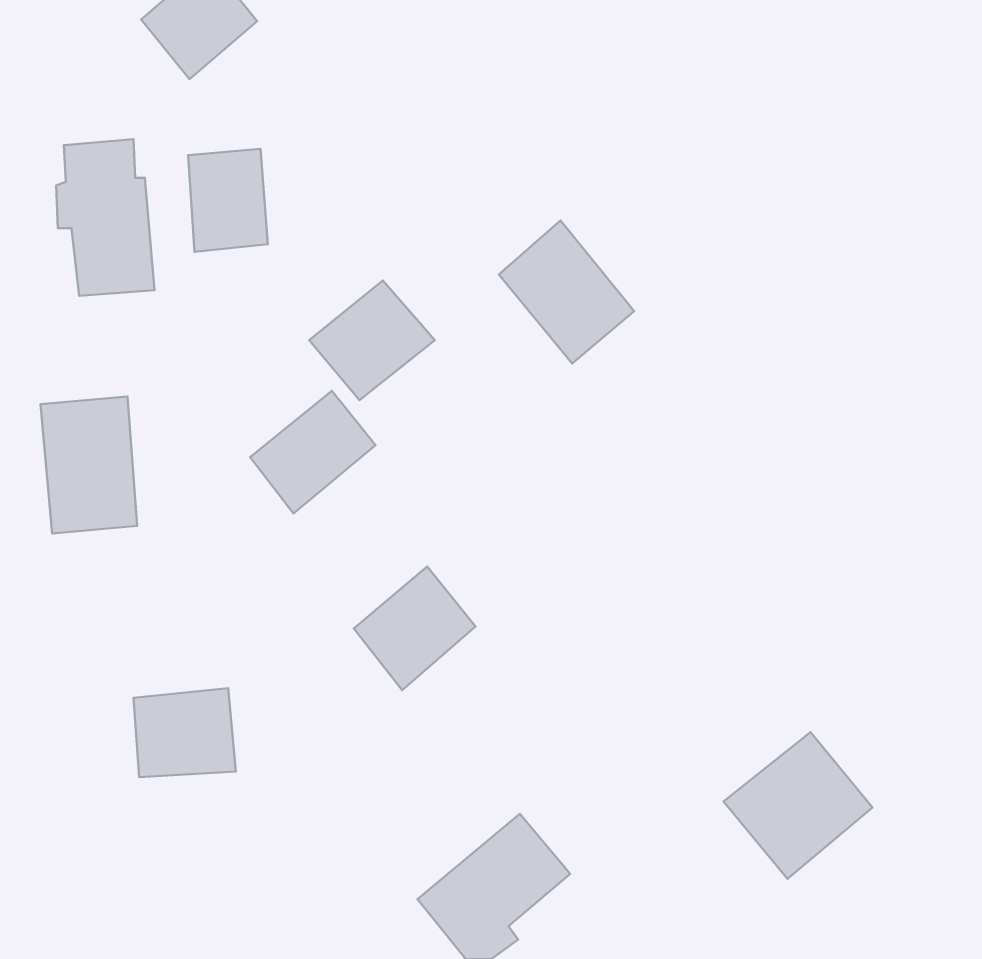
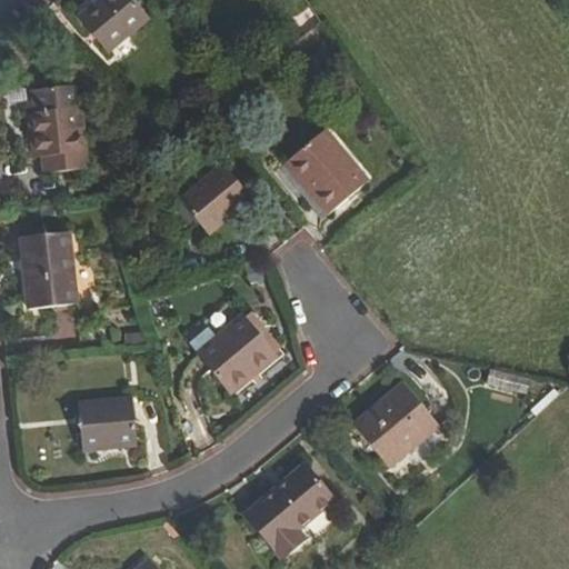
building: [188,149,268,252] -> none
building: [250,391,375,514] -> none
building: [724,732,872,879] -> [349,389,435,473]

